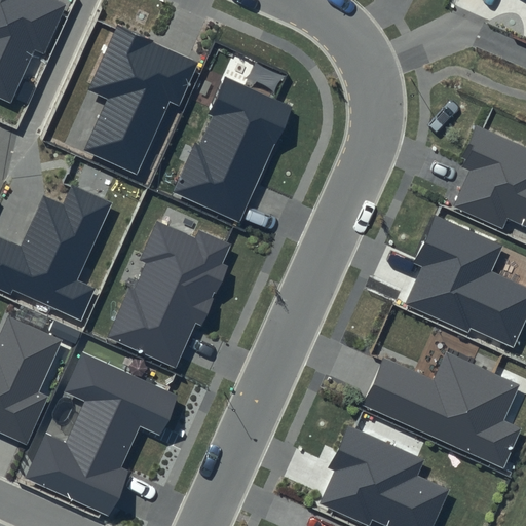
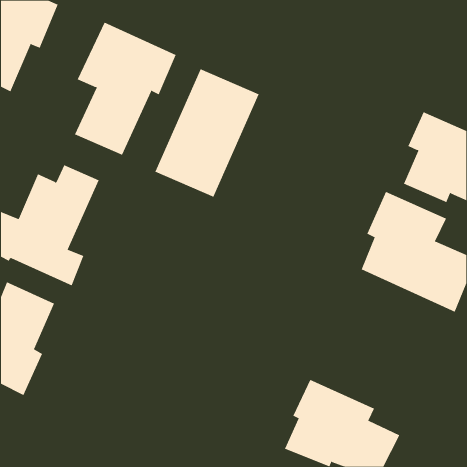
building: [107,222,231,368] -> none
building: [362,351,521,468] -> none
building: [25,352,178,516] -> none

